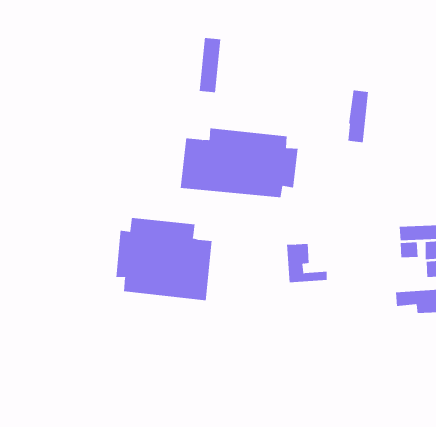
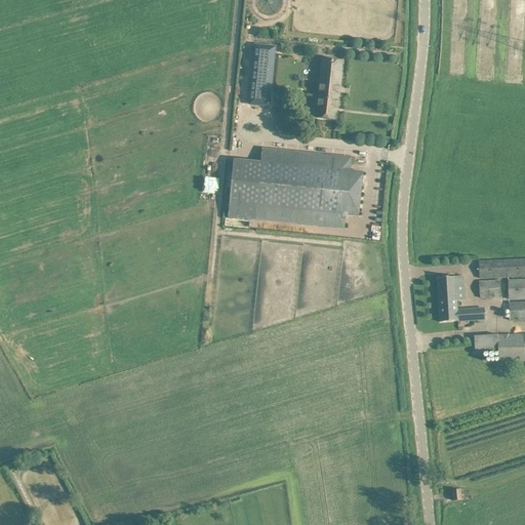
building: [347,90,369,143] -> [317,57,341,118]
building: [116,217,212,301] -> none
building: [286,243,327,283] -> [437,275,484,320]

